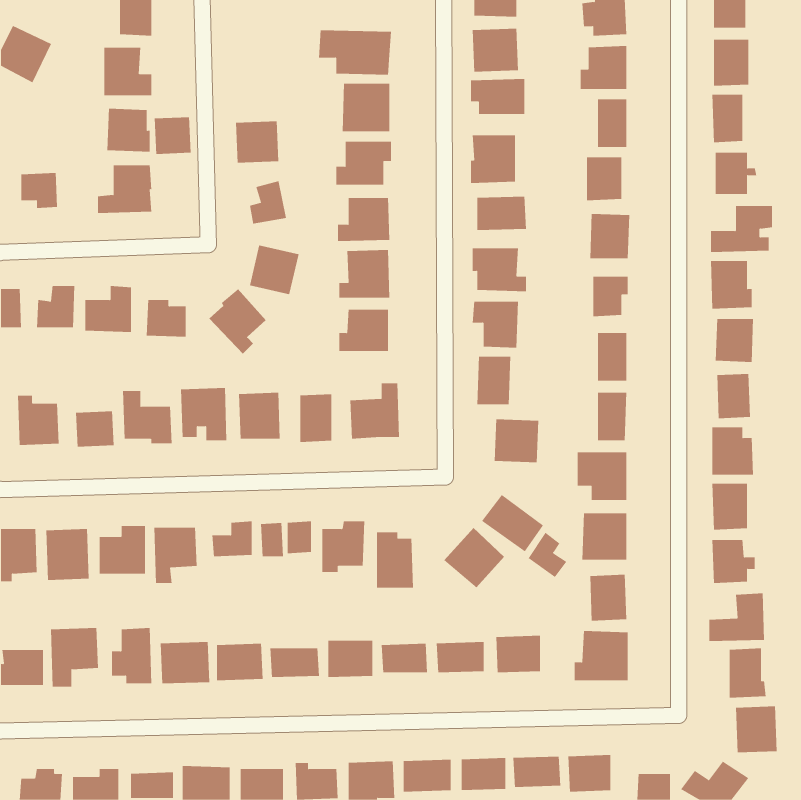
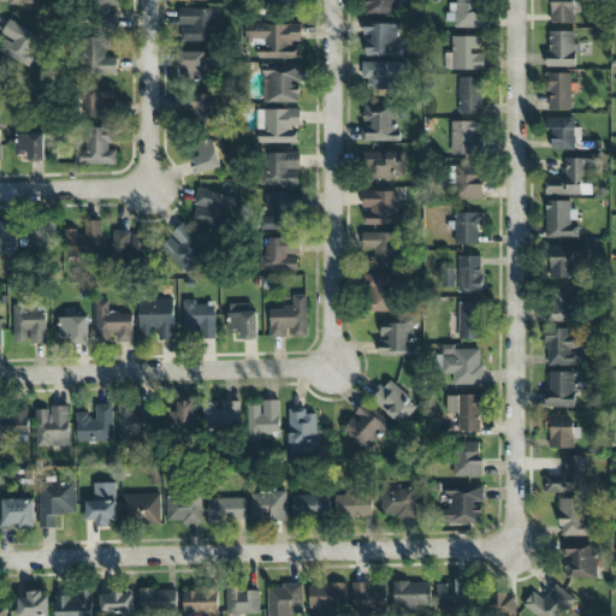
building: none -> [179,7,213,41]
building: [154,117,192,154] -> [177,51,206,79]
building: [528,532,567,578] -> none

